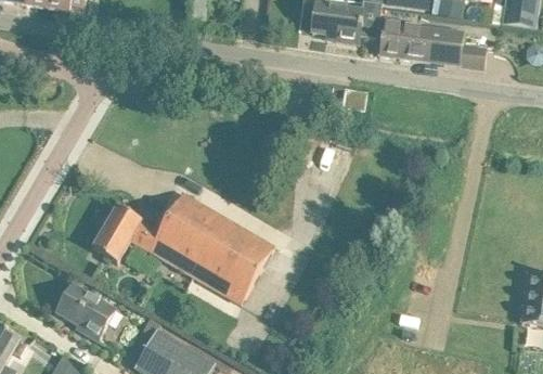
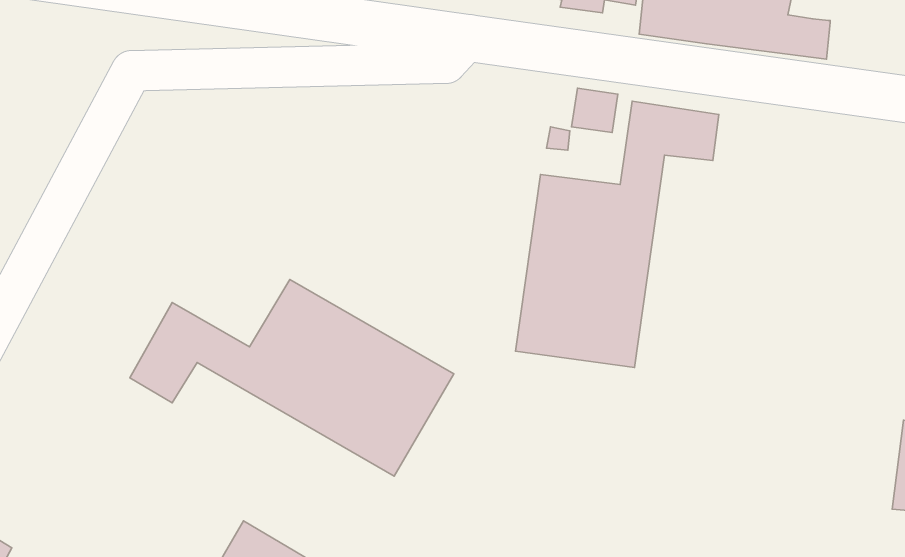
building: none -> [515,101,719,368]
building: [55,282,115,339] -> none

